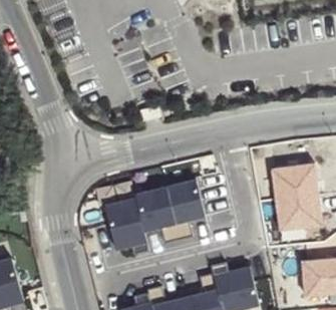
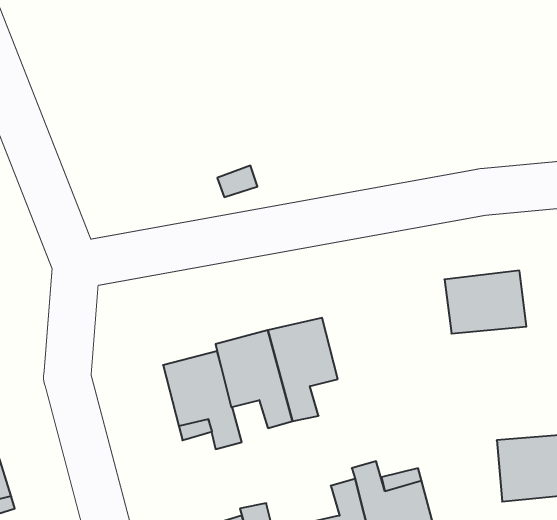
building: [274,196,321,231] -> none

